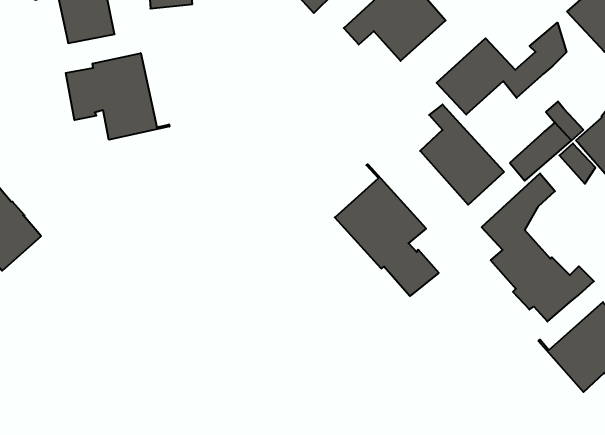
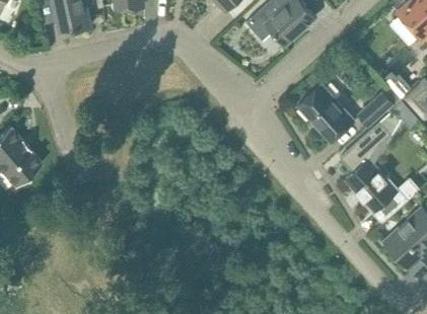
building: [437,23,566,115] -> none
building: [66,53,169,140] -> none
building: [335,164,439,296] -> none

